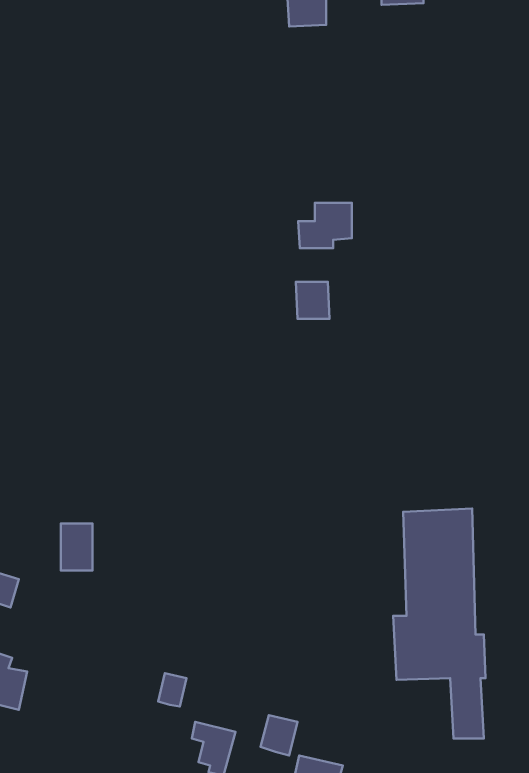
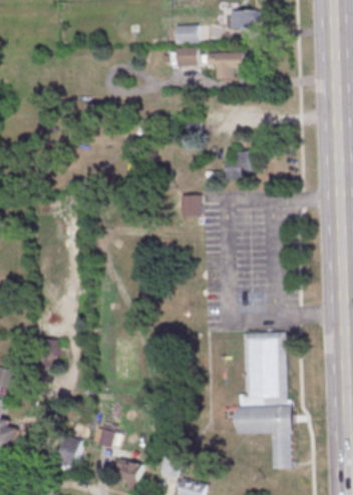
building: none -> [175,46,198,64]
building: none -> [207,51,242,79]
building: [298,203,352,248] -> [224,150,256,177]
building: none -> [58,436,81,467]

